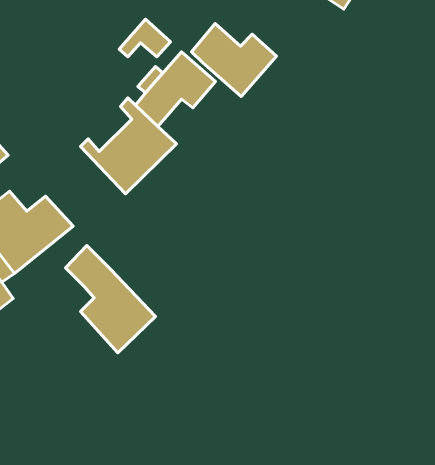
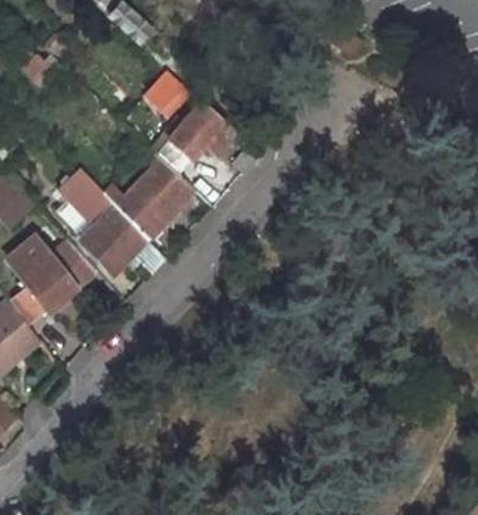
building: [192,23,276,96] -> none
building: [66,245,155,353] -> [60,172,147,275]

